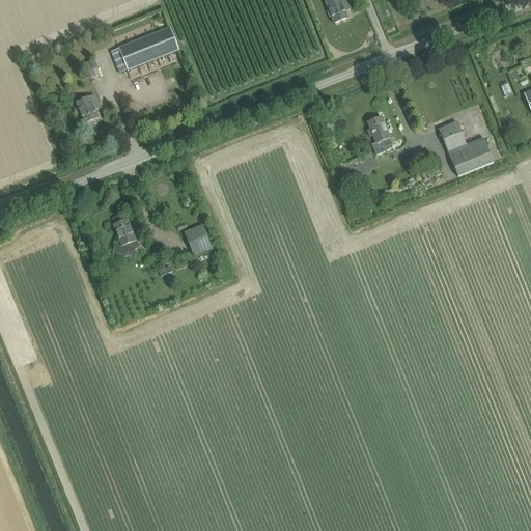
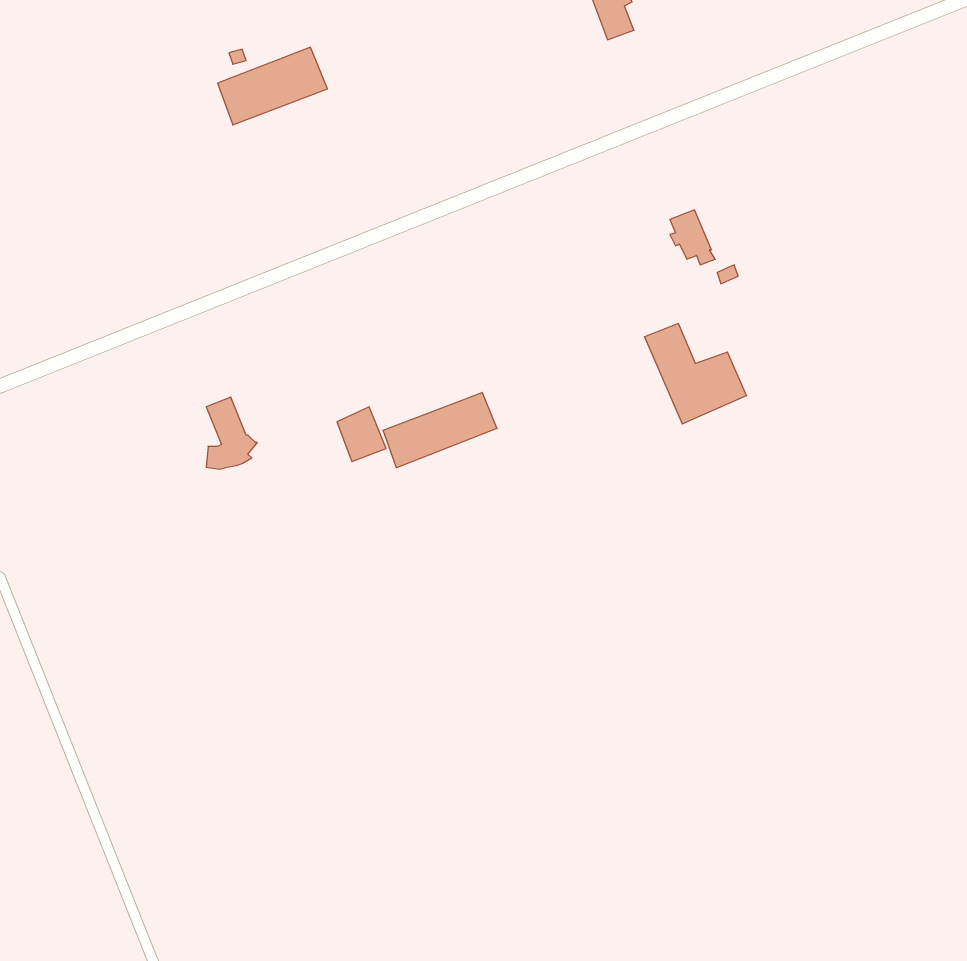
building: [77,93,99,122] -> none
building: [438,120,494,175] -> [644,324,747,424]
building: none -> [383,392,497,468]

